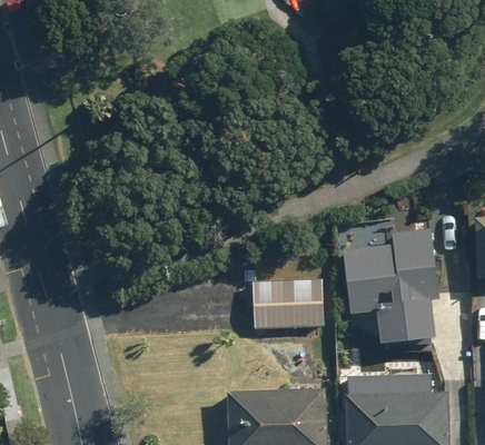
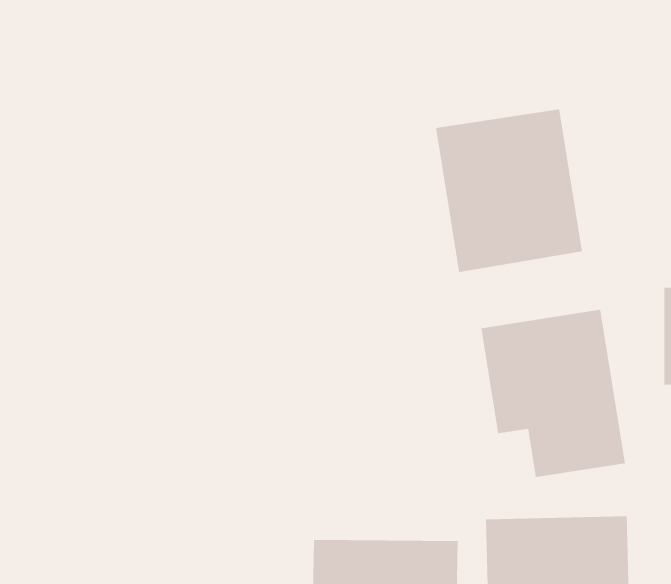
building: none -> [435,109,583,273]
building: [254,281,325,329] -> none

